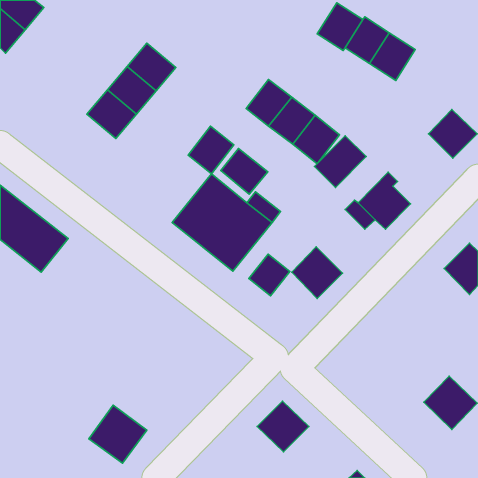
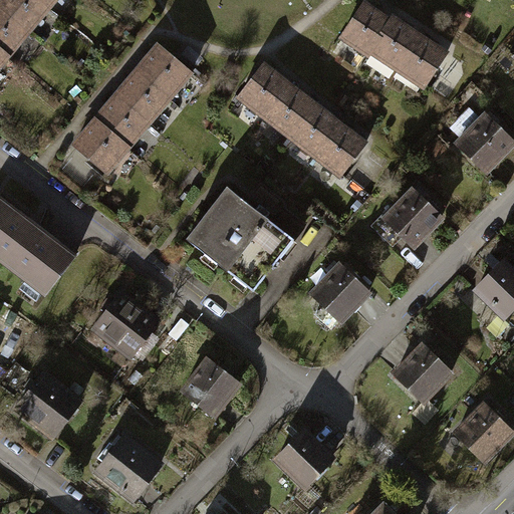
building: none -> [73,122,124,172]
building: [188,126,234,174] -> [239,65,288,116]
building: [315,136,366,187] -> none
building: [221,148,268,194] -> none
building: [249,254,290,296] -> none
building: none -> [93,293,157,355]
building: none -> [395,345,451,401]
building: none -> [184,357,239,414]
building: none -> [16,372,79,436]

